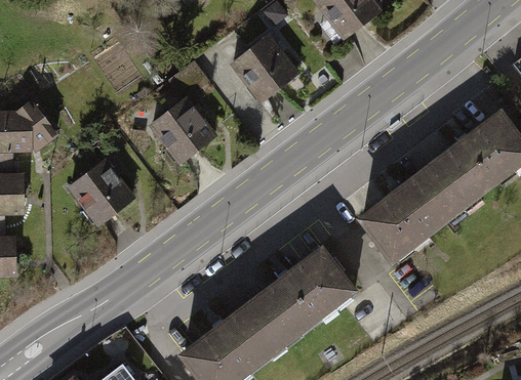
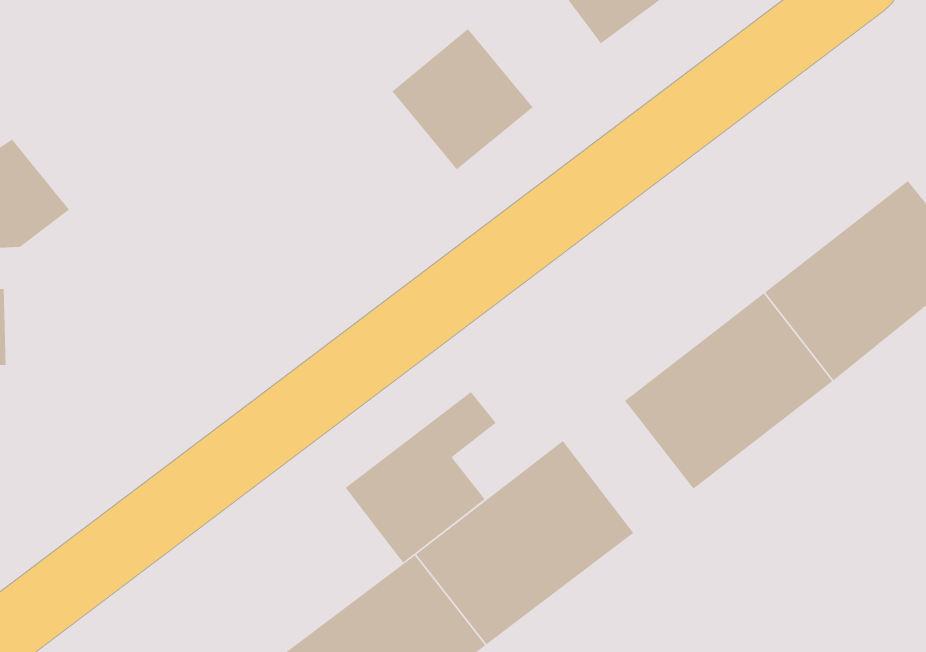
building: [151,89,223,161] -> none
building: [72,154,141,223] -> none
building: none -> [345,391,497,564]

